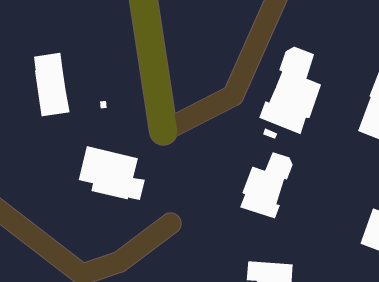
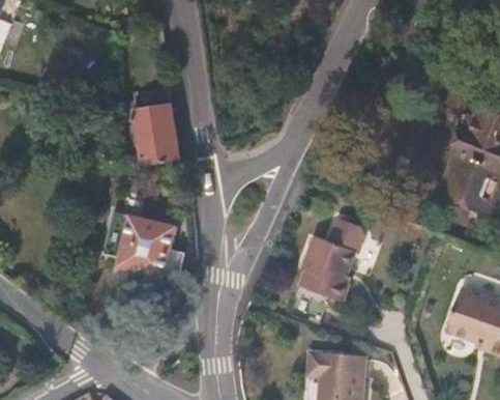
building: [259,46,322,135] -> none
building: [33,52,71,117] -> [134,87,179,166]

